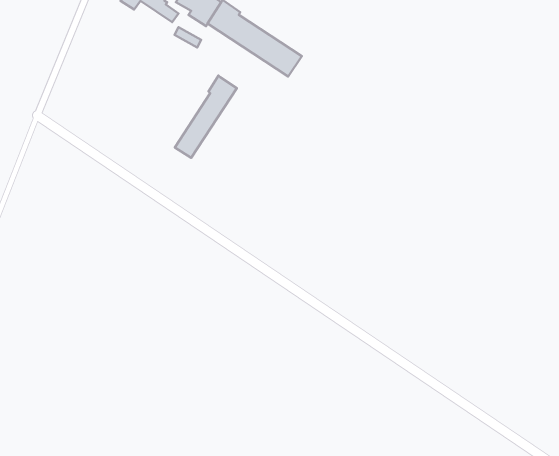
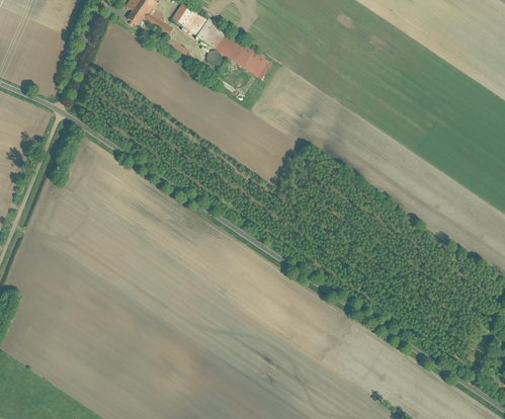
building: [175,76,237,158] -> none

